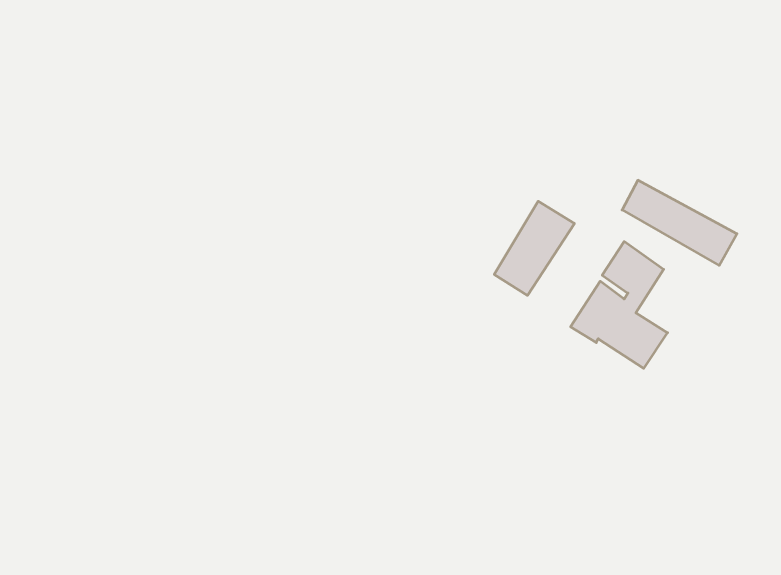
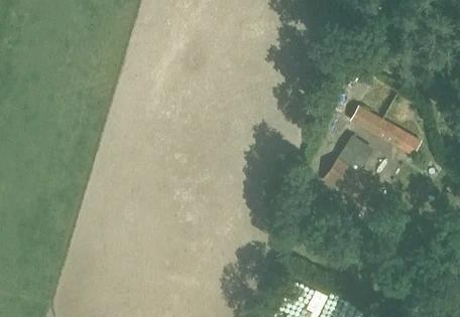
building: [494,201,574,295] -> none

